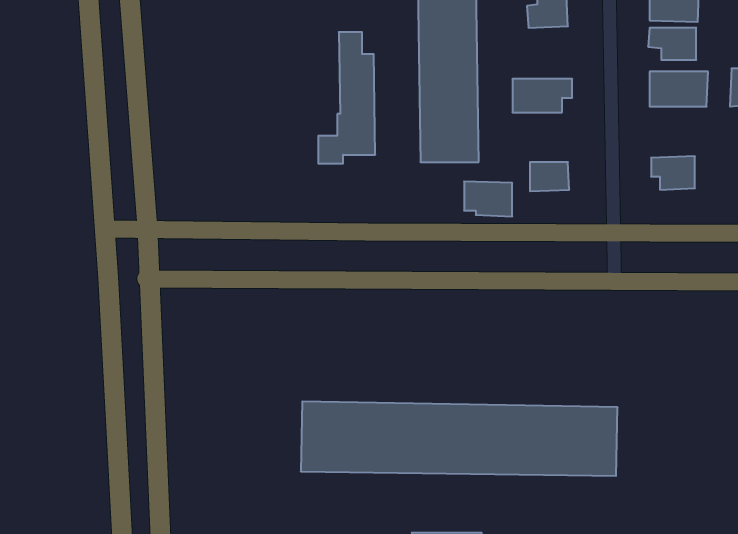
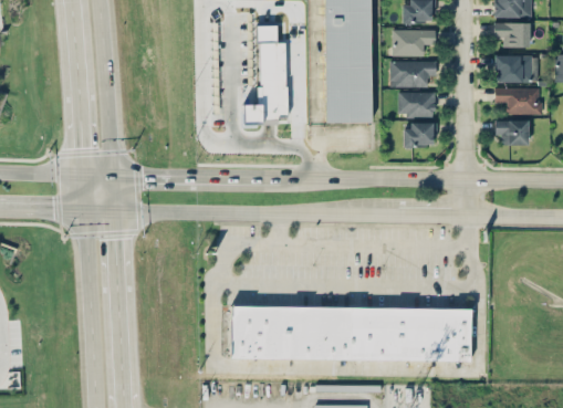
building: none -> [394,29,437,55]
building: none -> [496,87,542,114]
building: [464,181,512,216] -> [399,91,436,117]

